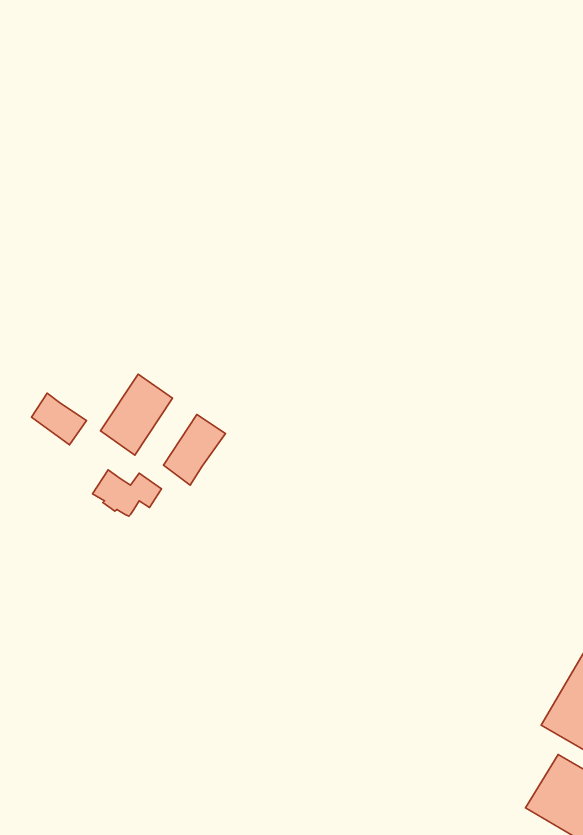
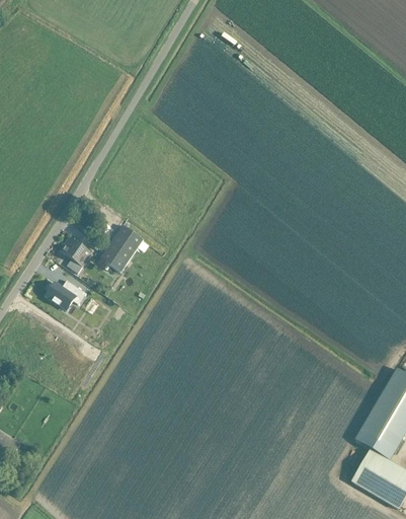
building: [164,414,225,485] -> none
building: [93,470,161,516] -> [46,282,86,309]

